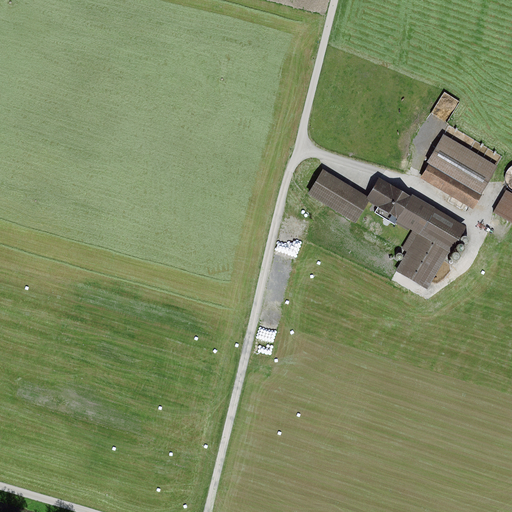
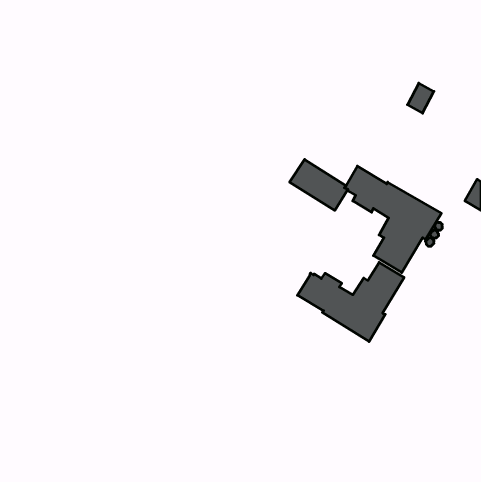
building: [420,134,497,208] -> none
building: none -> [297,262,404,342]

